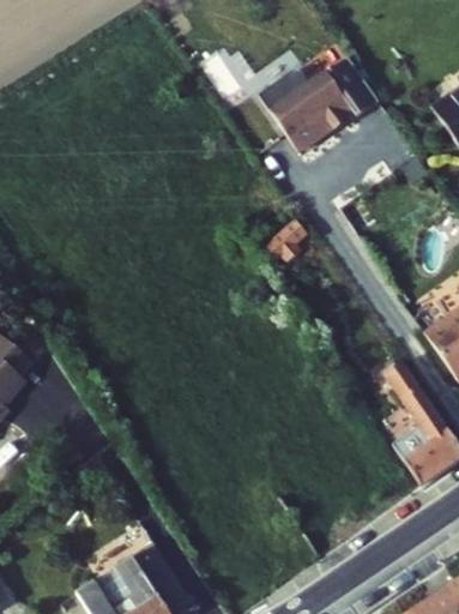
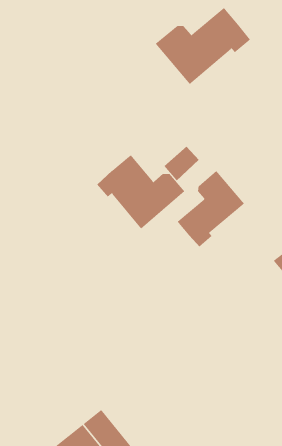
building: none -> [96,155,185,230]
building: none -> [177,170,245,248]

